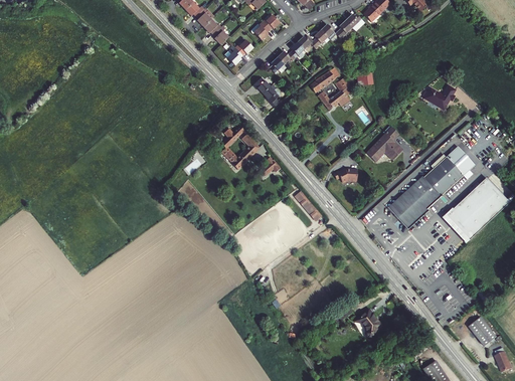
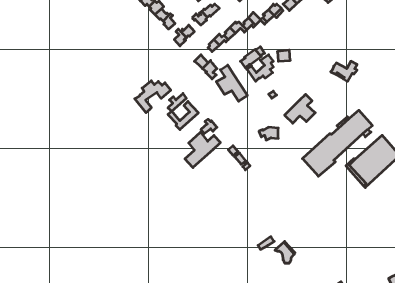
building: none -> [216,65,247,101]
building: none -> [135,81,171,113]
building: none -> [185,132,220,168]
building: [468,316,496,346] -> none

